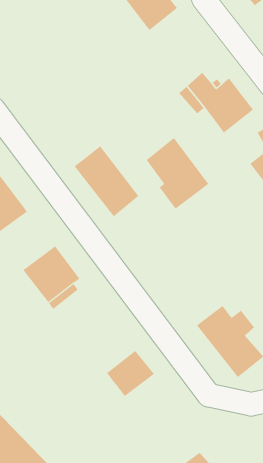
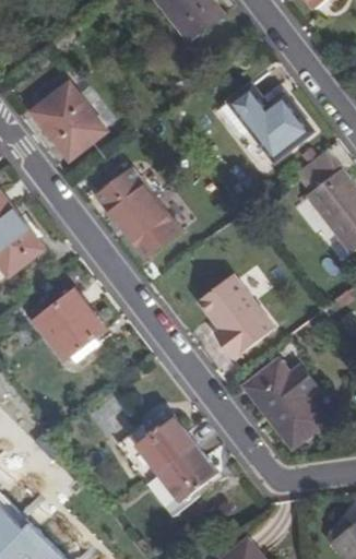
building: none -> [31,84,105,160]
building: [146,137,209,210] -> [198,274,273,360]
building: none -> [157,445,216,503]

